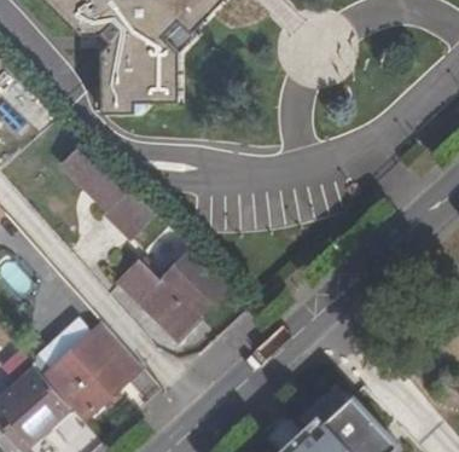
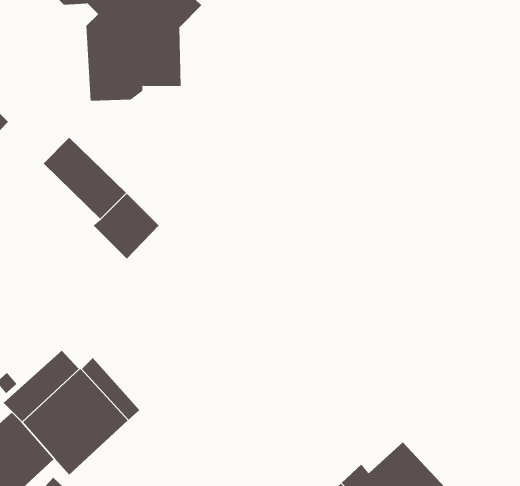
building: [120,248,227,337] -> none

